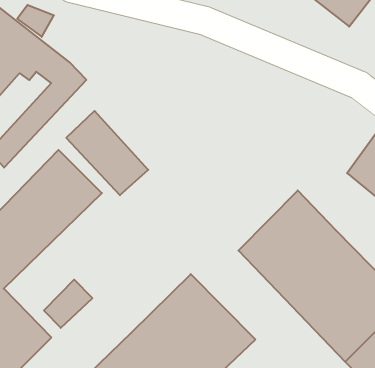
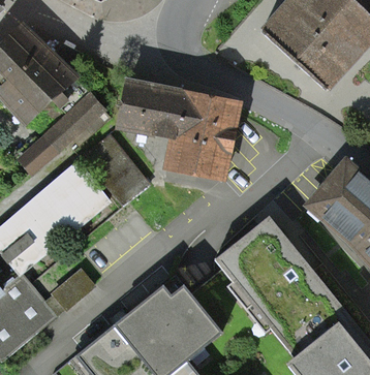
building: none -> [118,80,238,177]

